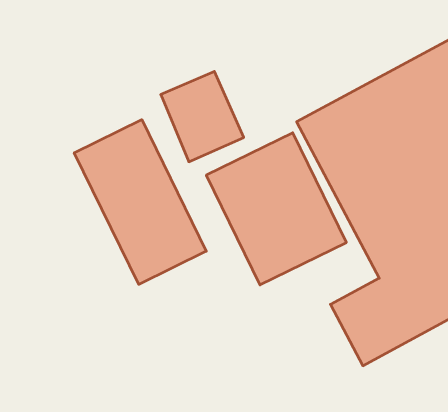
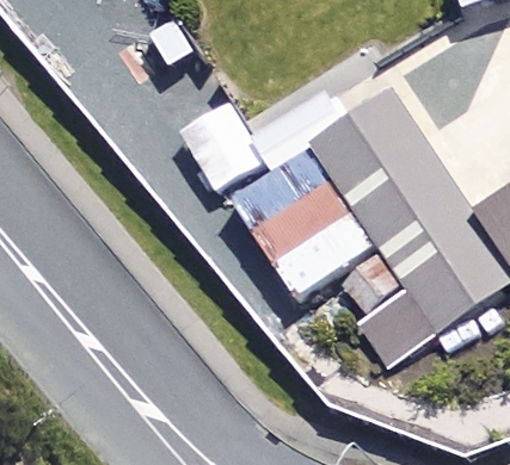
building: [74,120,206,284] -> none

